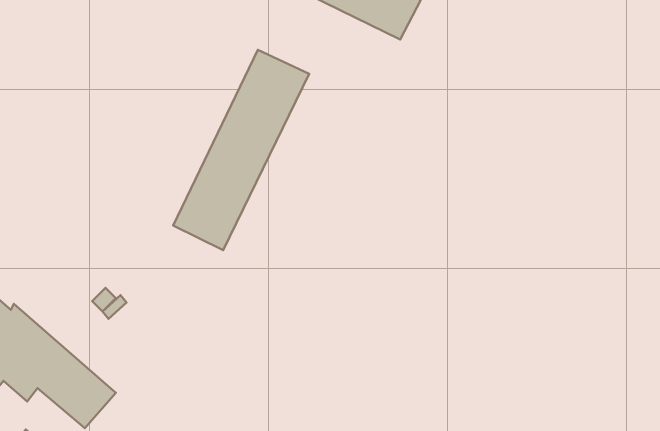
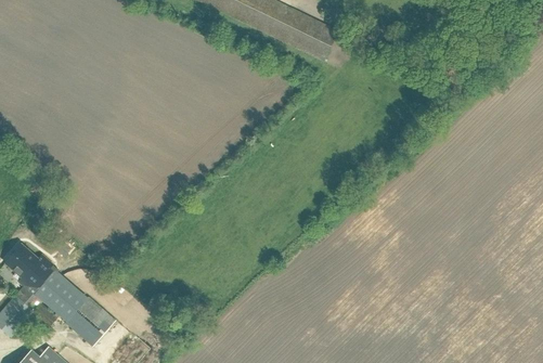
building: [173,50,309,250] -> none

